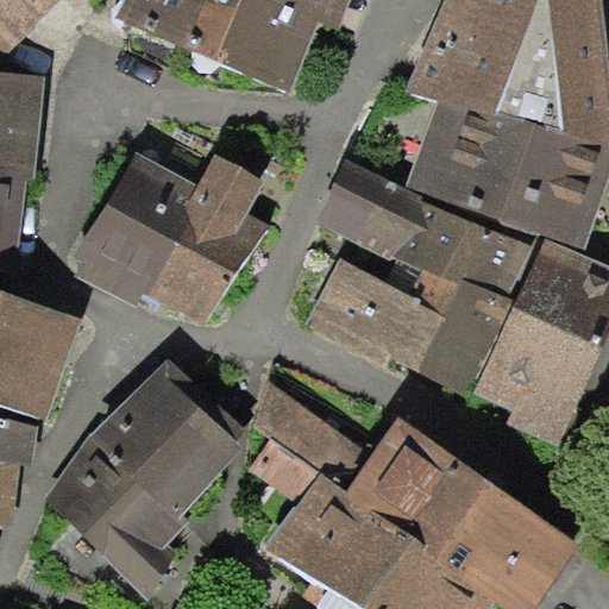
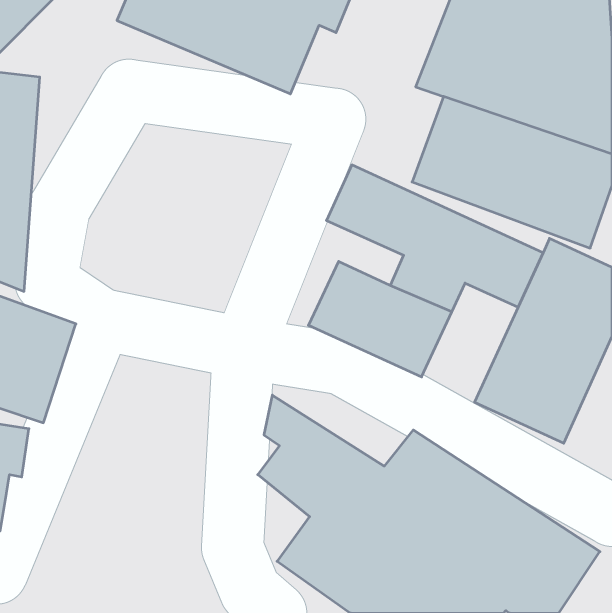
building: [83,152,272,329] -> none
building: [416,280,511,397] -> none
building: [43,371,232,598] -> none

